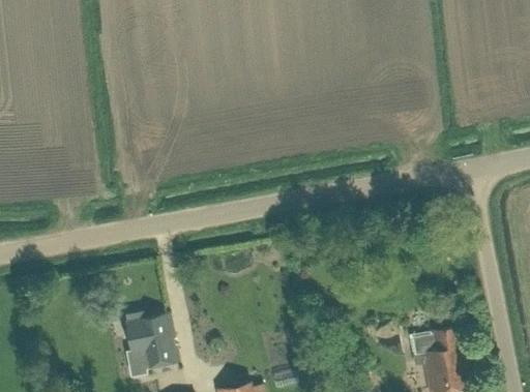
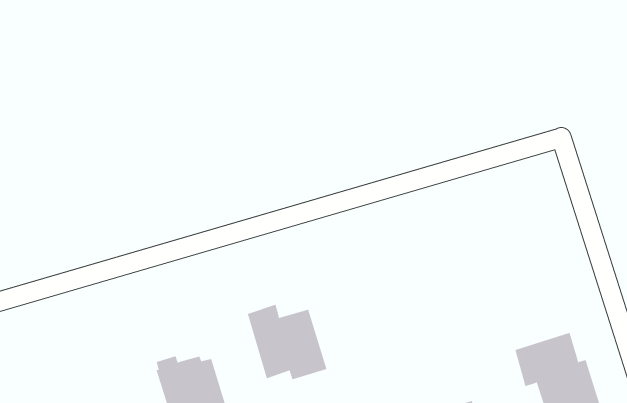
building: none -> [247,304,327,380]

